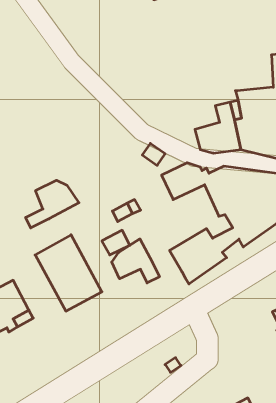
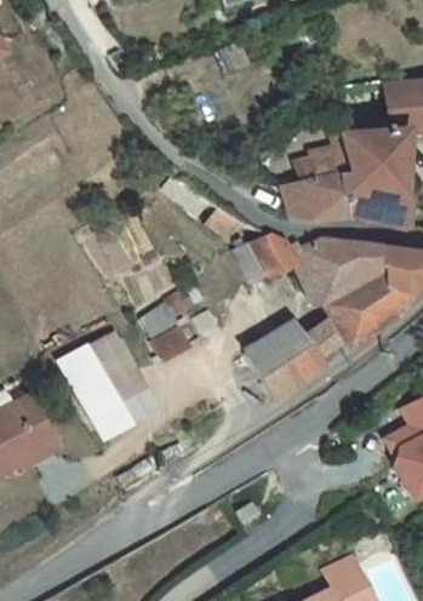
building: [26,180,79,228] -> none
building: [112,239,159,283] -> none

